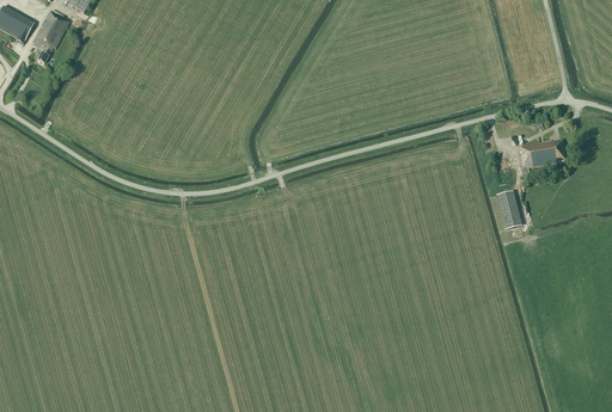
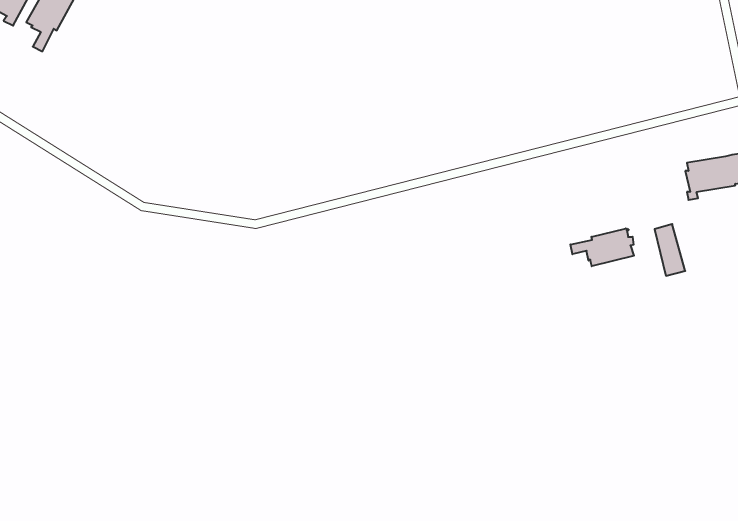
building: none -> [570,228,634,266]

